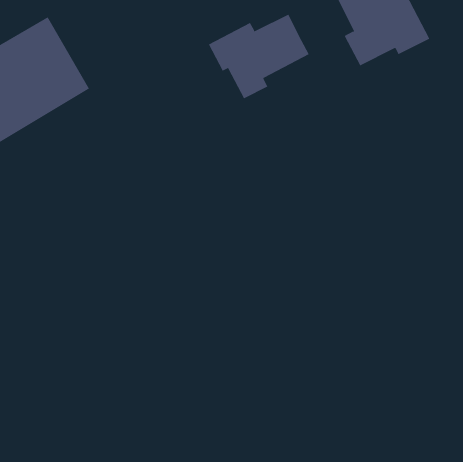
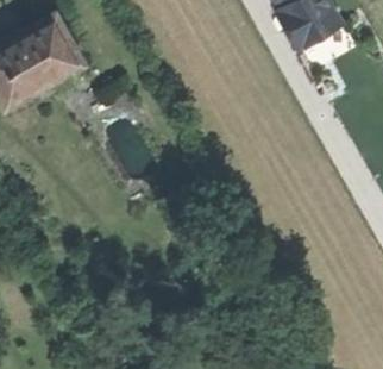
building: [208,14,309,99] -> none

